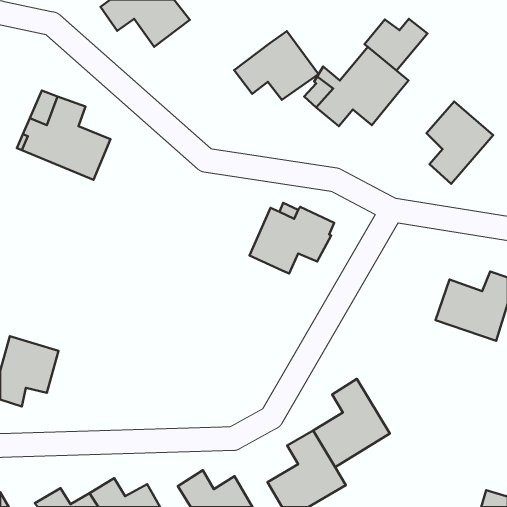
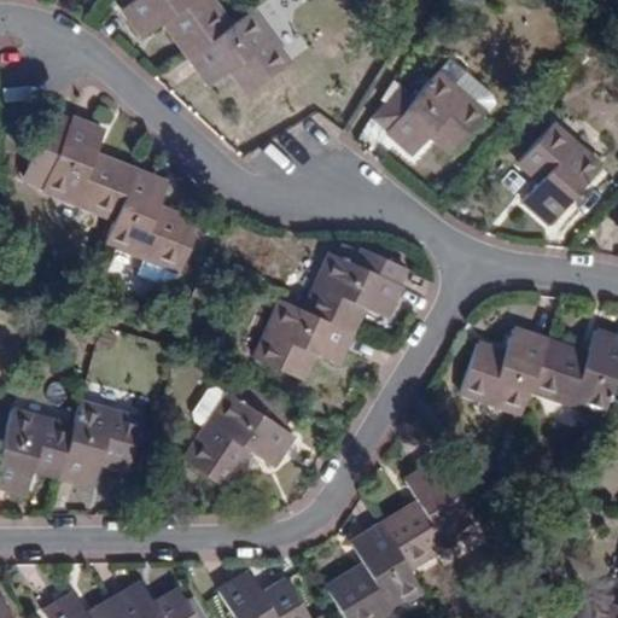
building: [365,19,428,70] -> none
building: [234,31,319,100] -> [188,10,291,93]
building: none -> [106,169,199,272]
building: none -> [253,299,352,379]
building: none -> [460,328,547,413]
building: none -> [183,389,296,489]
building: none -> [58,400,142,486]

